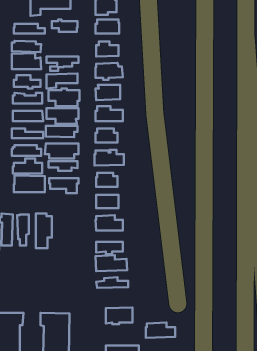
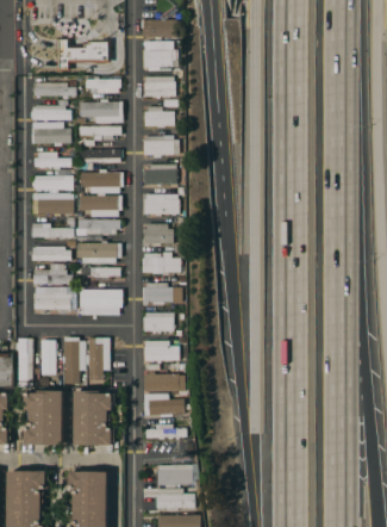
building: none -> [77,101,120,123]
building: none -> [86,337,107,379]
building: none -> [24,391,62,445]
building: none -> [73,391,111,445]
building: [146,323,175,338] -> [155,488,194,508]

